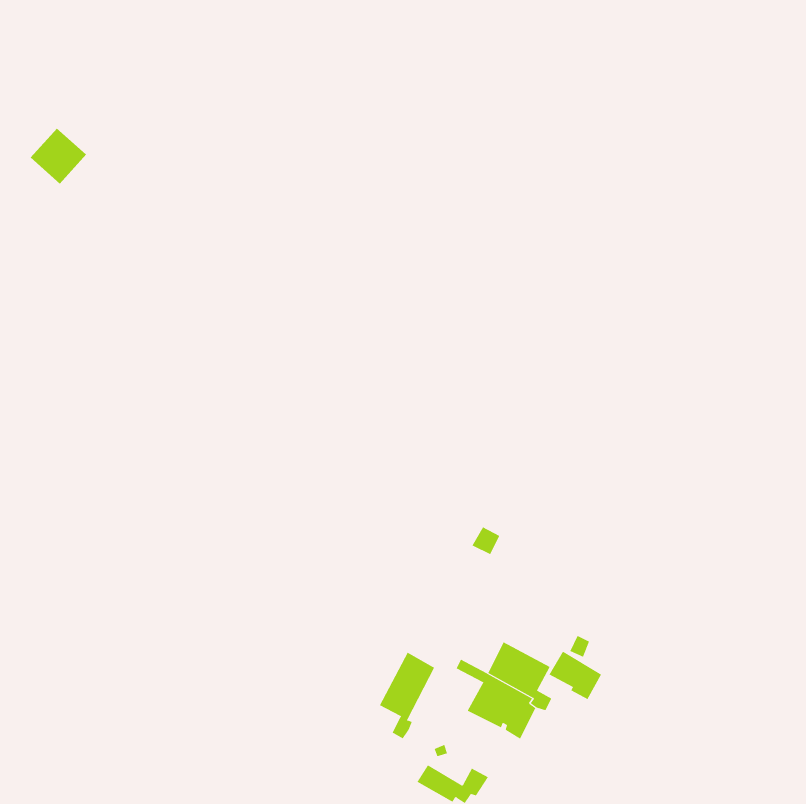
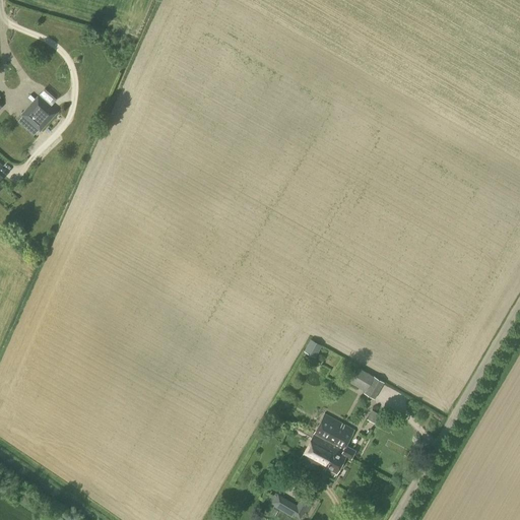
building: [548,651,602,700] -> [349,369,384,400]
building: [379,652,435,739] -> none

